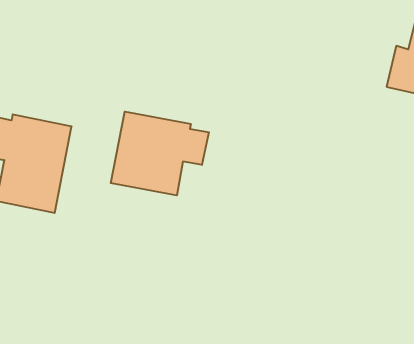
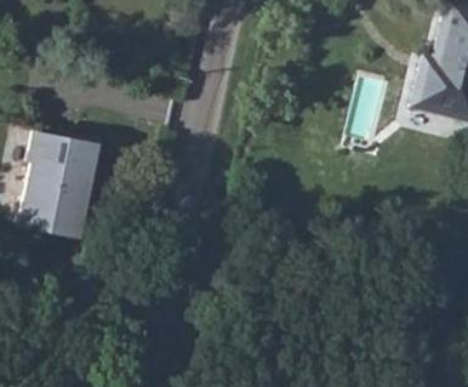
building: [111,112,209,195] -> none

